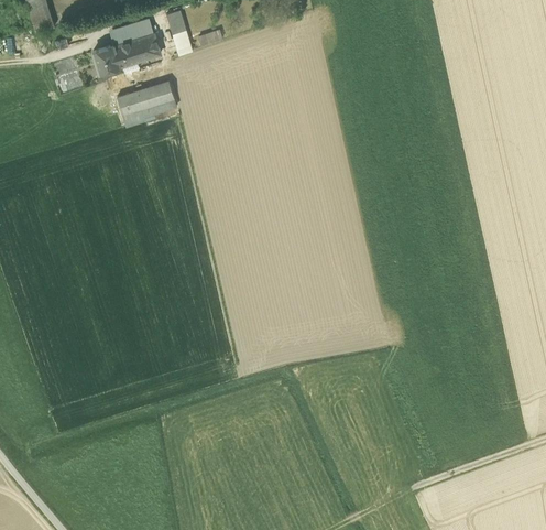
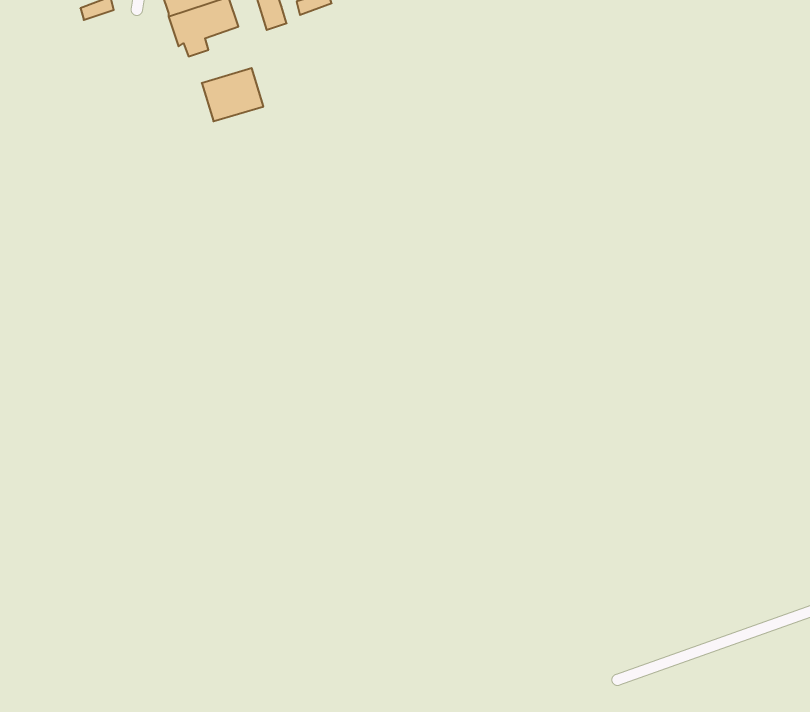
building: [92,45,120,74] -> none
building: [117,91,144,126] -> none

